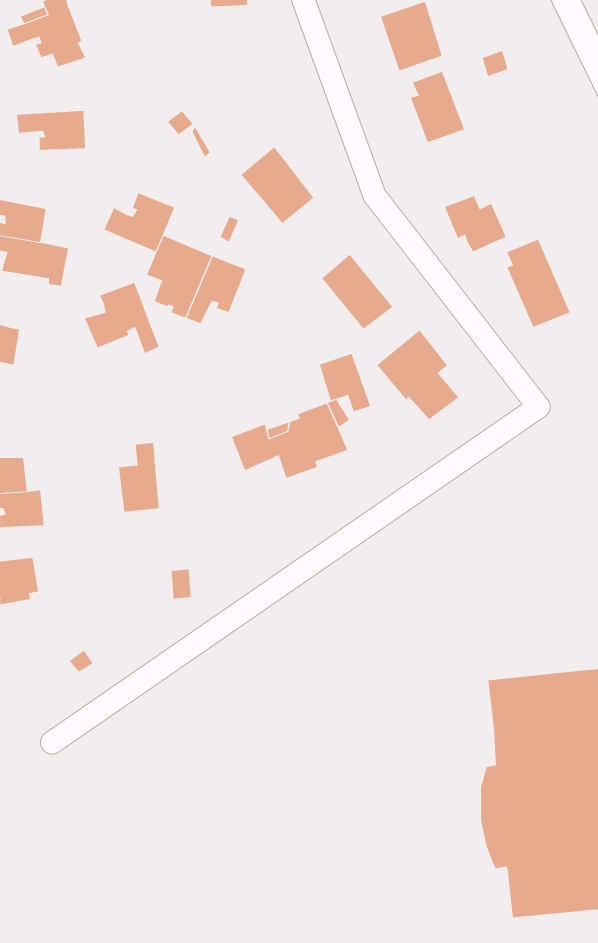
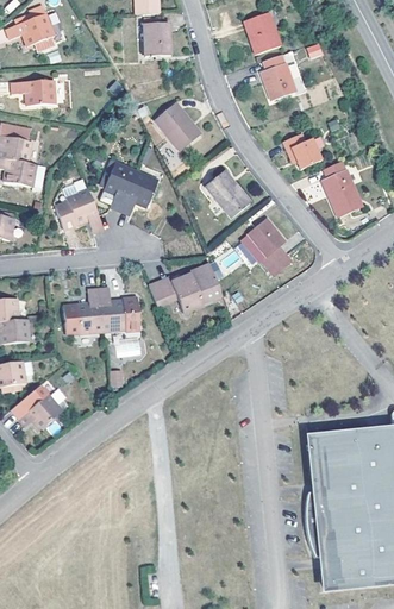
building: none -> [143,21,170,56]
building: [104,192,175,252] -> none
building: [319,353,371,412] -> none
building: none -> [99,287,138,331]
building: none -> [18,393,62,428]

